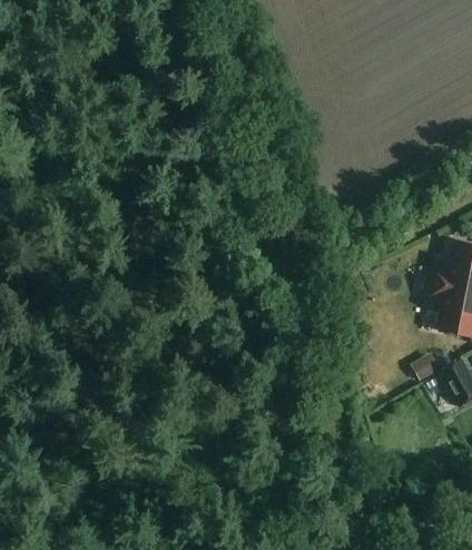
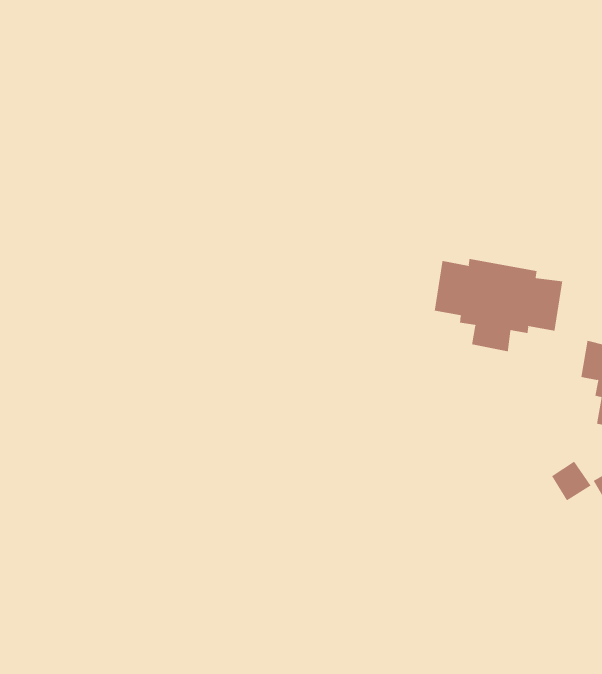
building: none -> [434,258,563,352]

